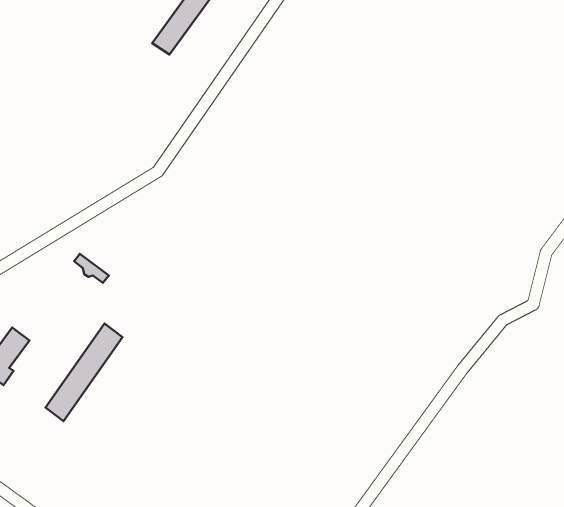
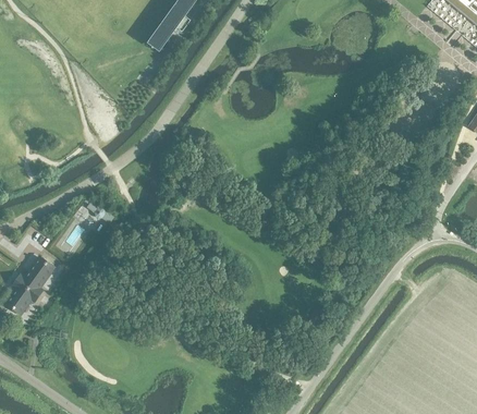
building: [46,323,122,421] -> none

